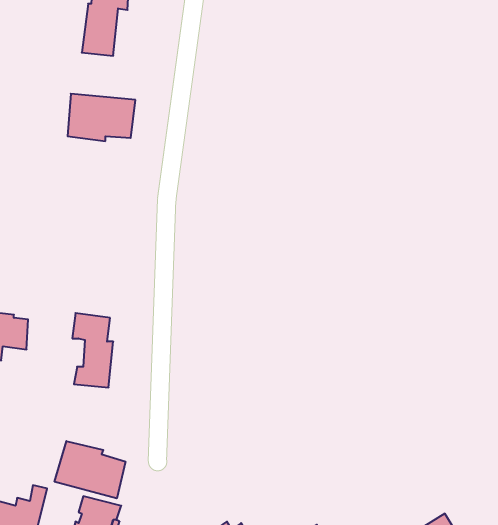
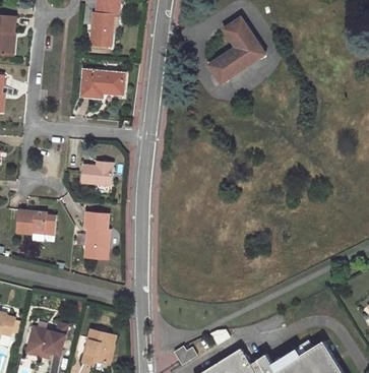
building: none -> [208,17,264,83]
building: none -> [80,162,112,186]
building: [55,441,125,498] -> none

